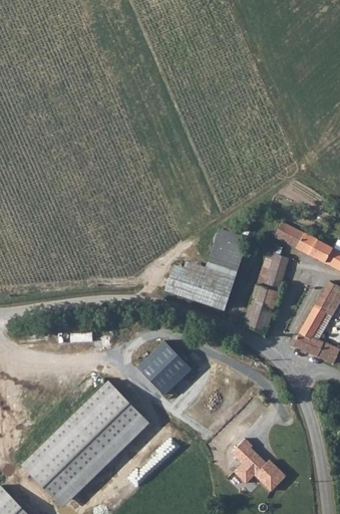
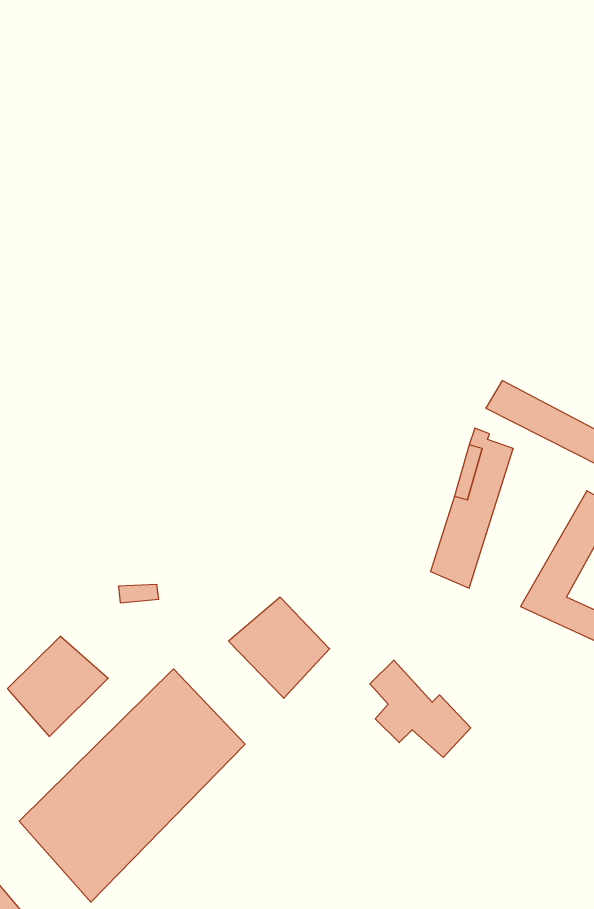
building: [165,229,249,309] -> none
building: none -> [8,636,108,736]
building: [231,439,286,492] -> [370,660,471,757]

